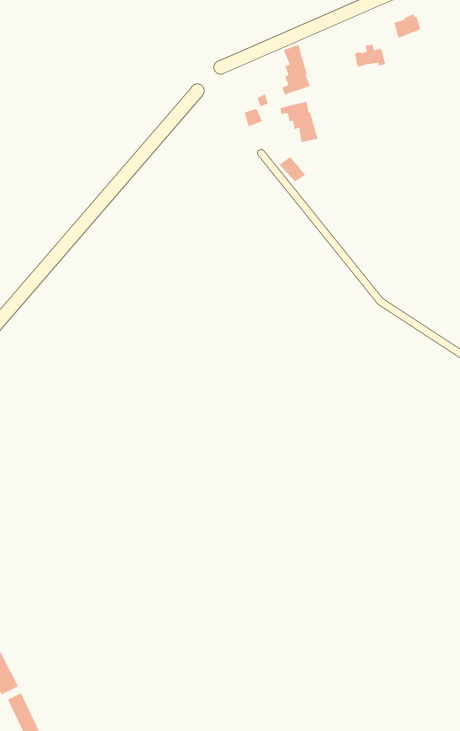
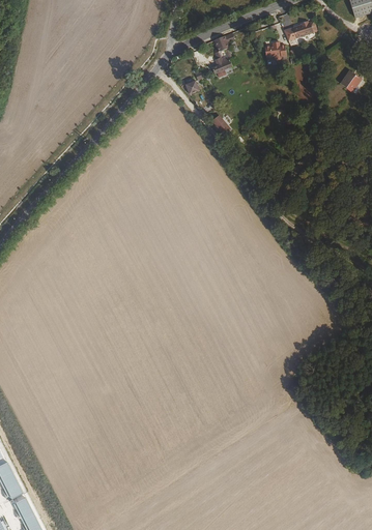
building: [280,101,318,143] -> none

